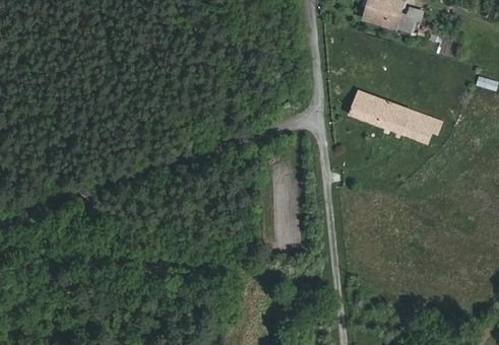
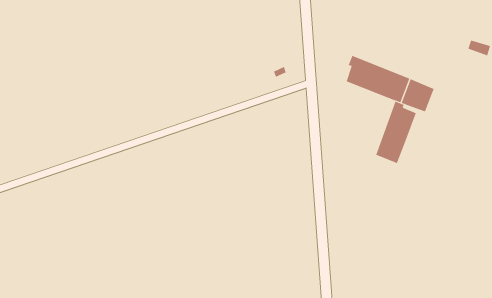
building: none -> [375,101,417,164]

